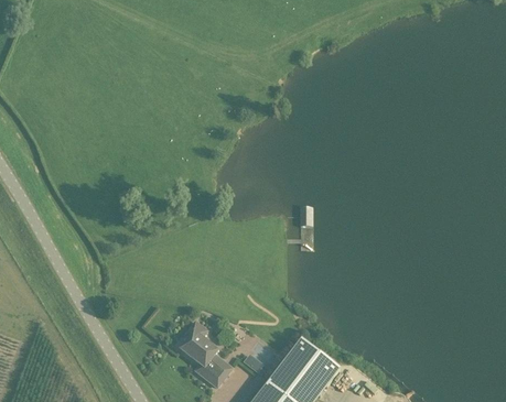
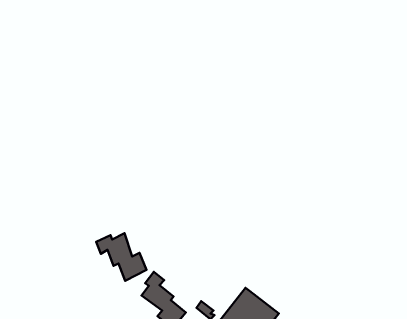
building: none -> [96,233,146,281]

